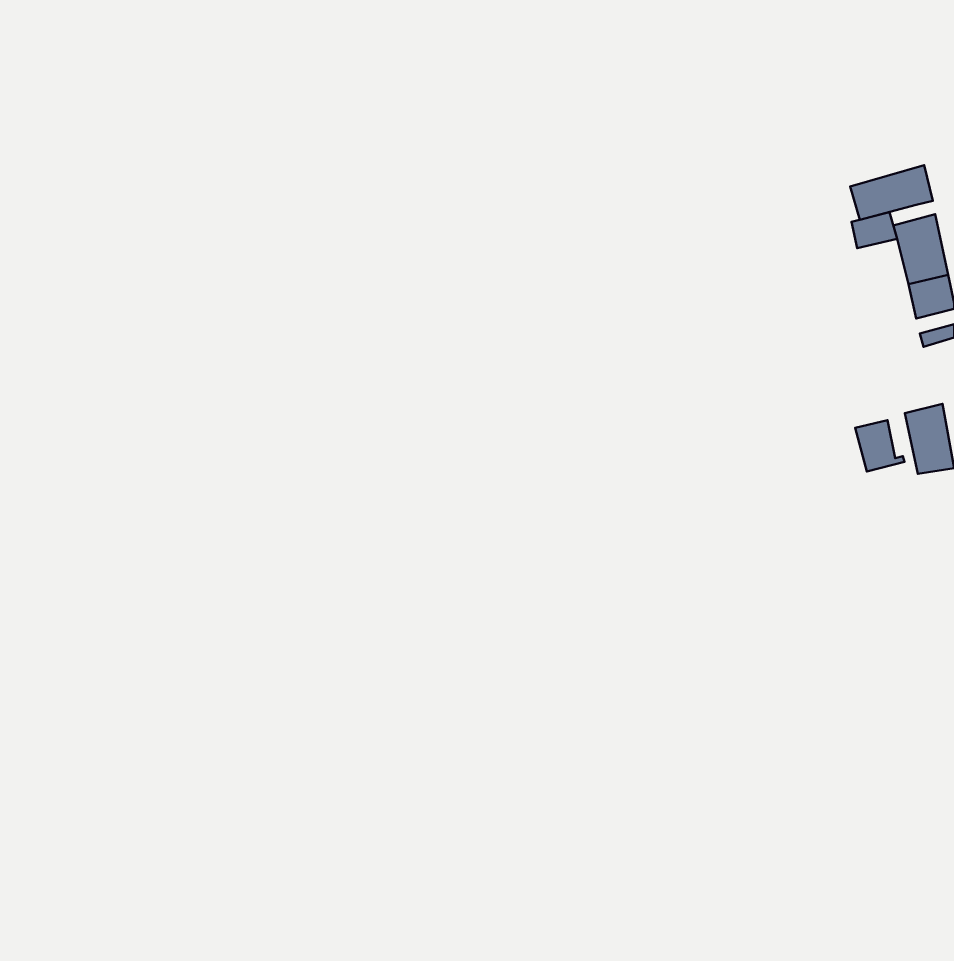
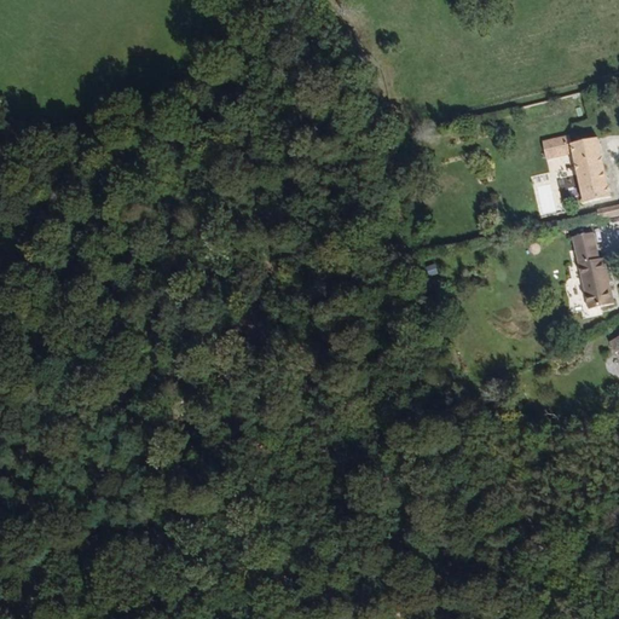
building: [850,165,933,220] -> none
building: [855,420,905,471] -> [569,231,601,264]

